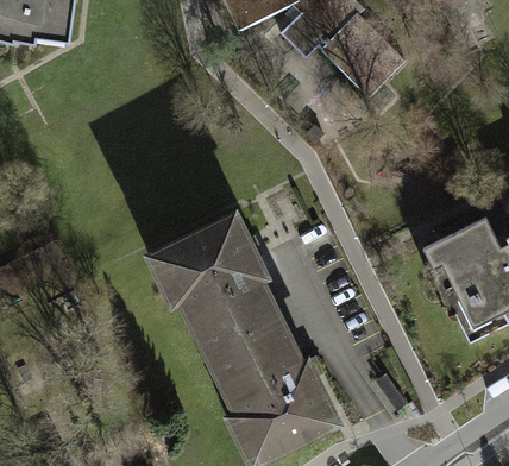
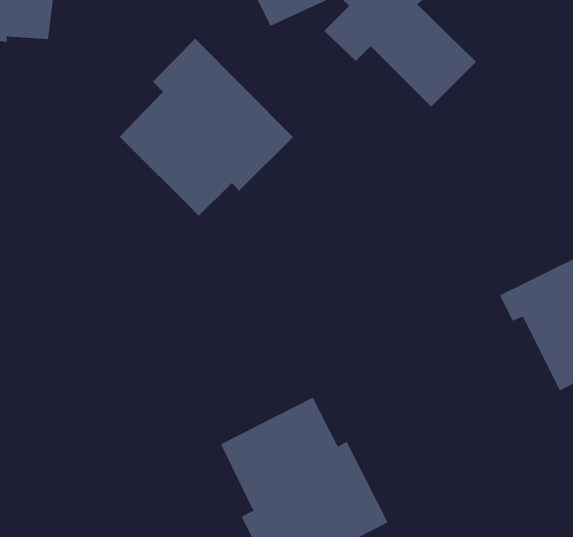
building: none -> [119,38,294,217]
building: [142,214,279,363] -> none

